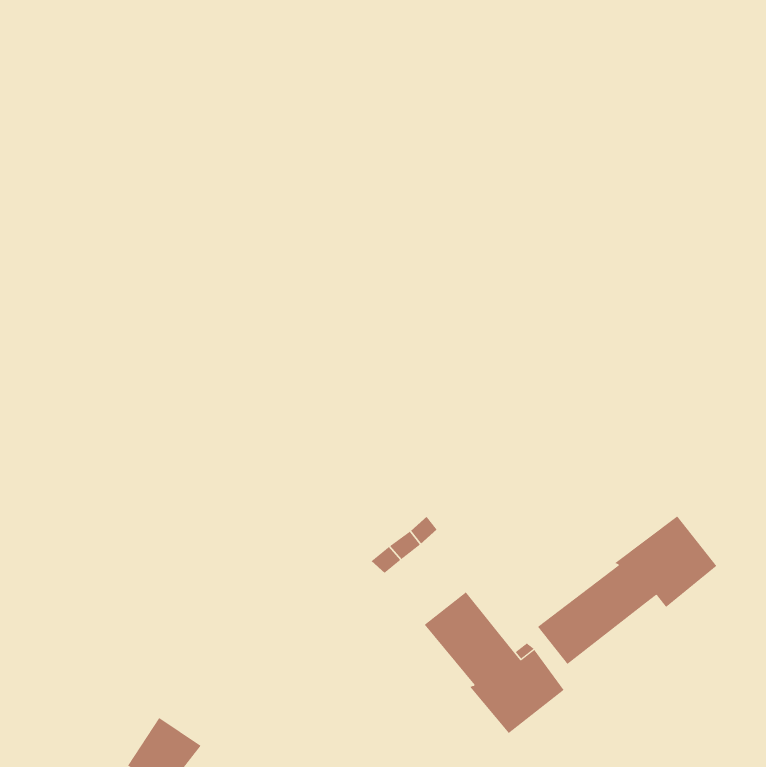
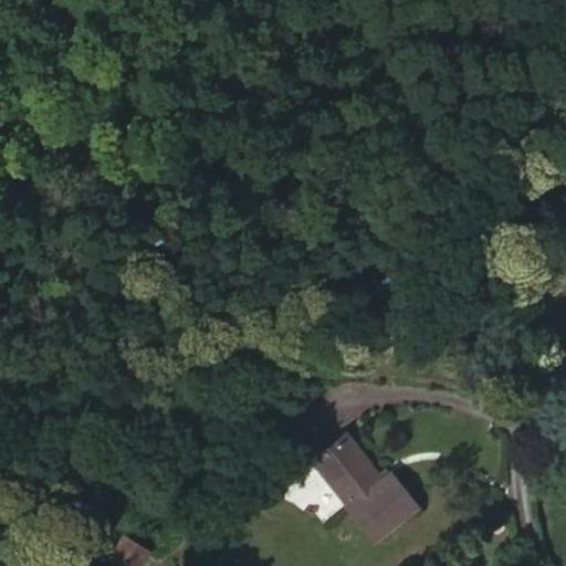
building: [537,516,717,665] -> none

